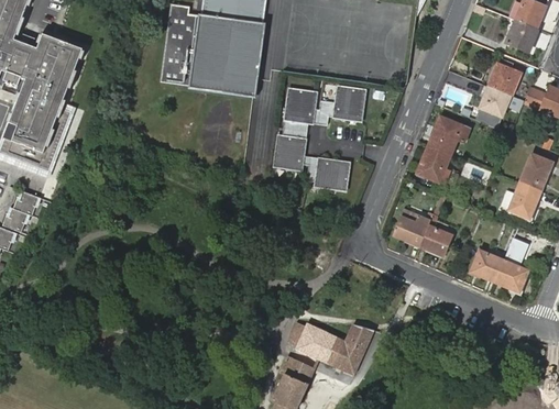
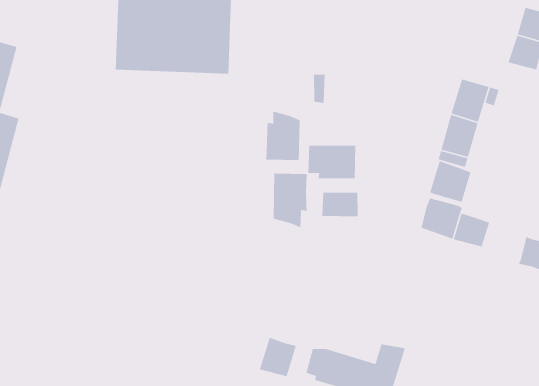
building: [333,85,364,119] -> none
building: [284,88,316,135] -> [273,173,307,228]
building: none -> [429,160,472,203]
building: none -> [322,192,358,217]
building: none -> [259,337,297,377]

